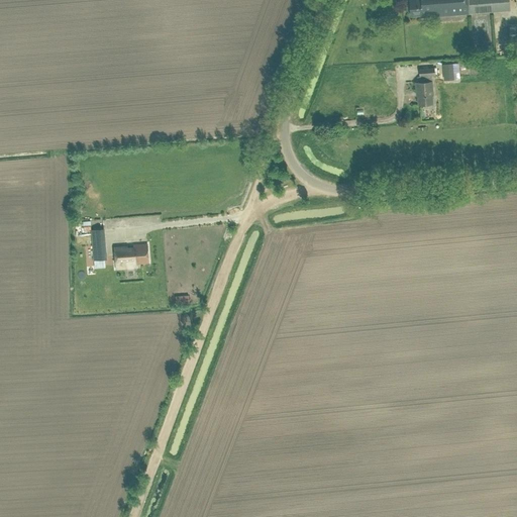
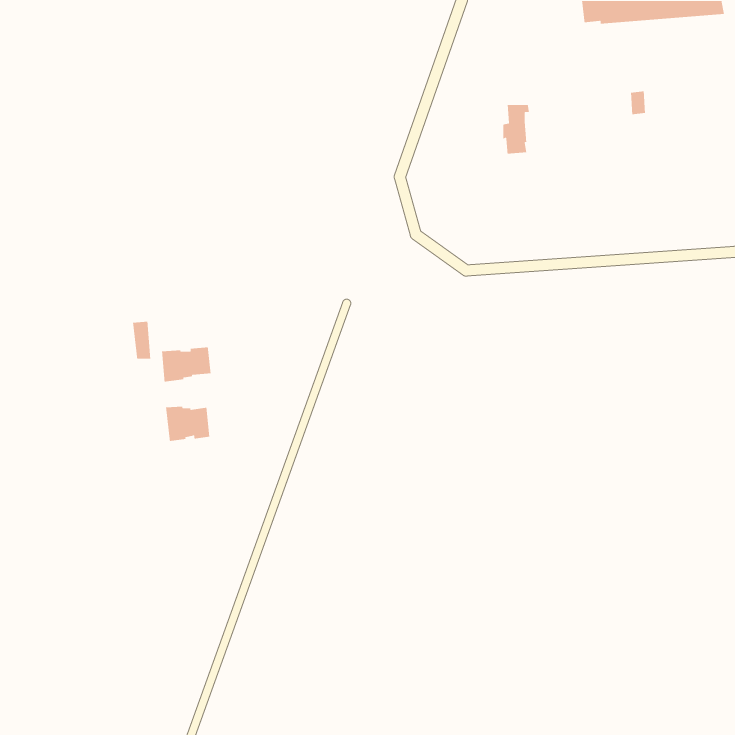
building: [415,69,434,104] -> [503,104,530,154]
building: none -> [165,406,210,442]

